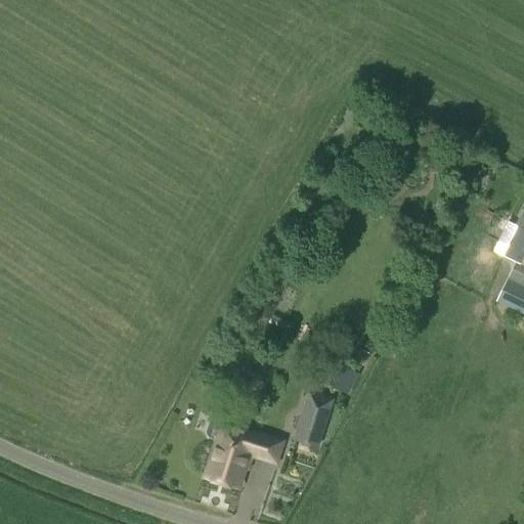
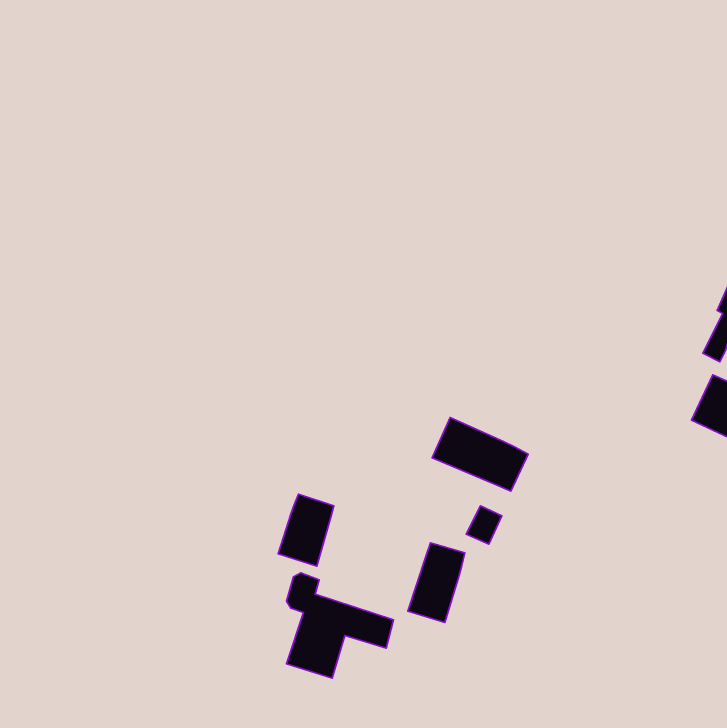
building: none -> [432,417,528,491]
building: none -> [278,494,334,566]

